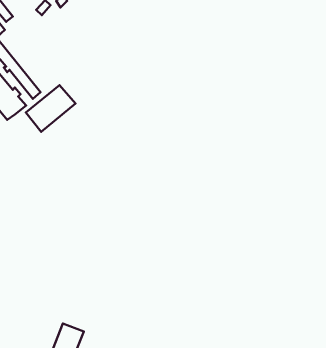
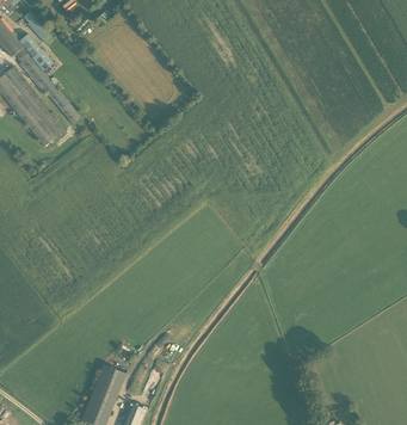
building: [26,85,75,132] -> none

